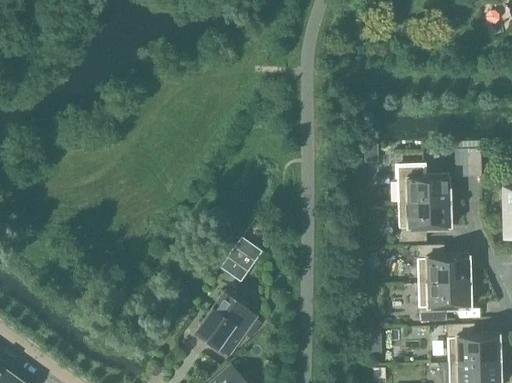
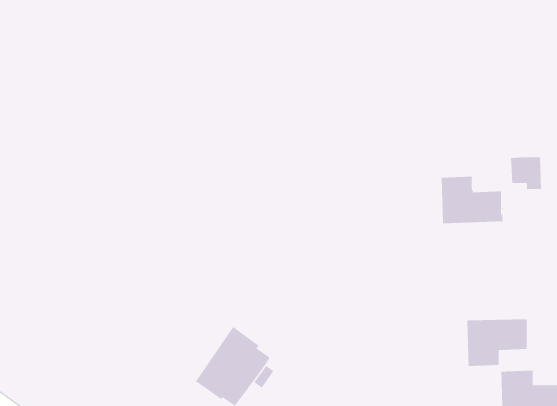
building: [399,202,451,241] -> none
building: [220,237,262,282] -> none
building: [418,245,470,283] -> none

